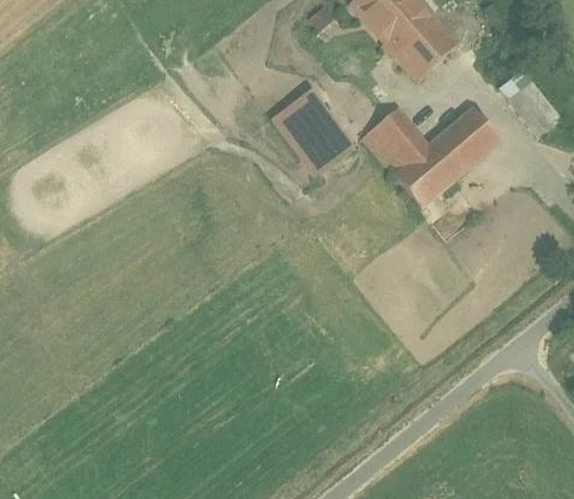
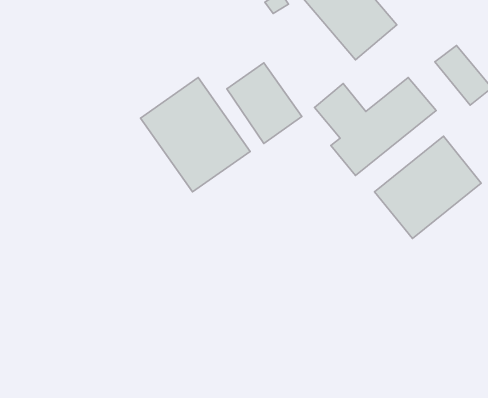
building: none -> [141,78,250,192]
building: none -> [375,136,481,239]

